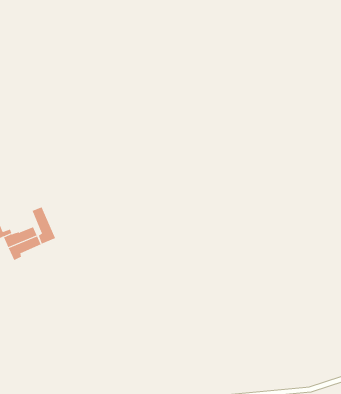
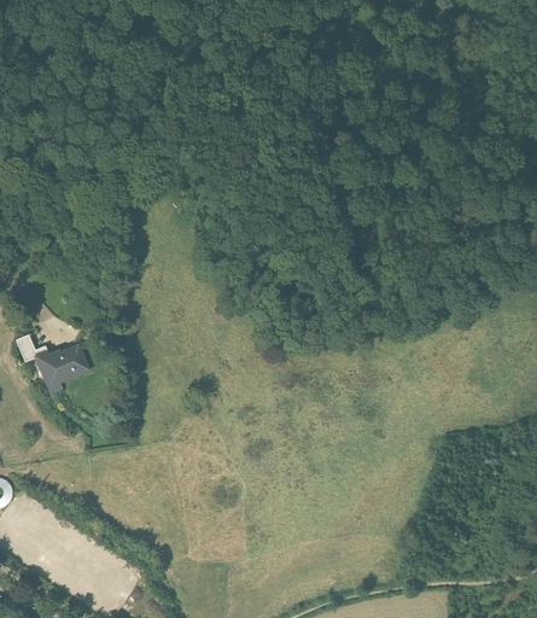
building: [32,206,56,245] -> none

